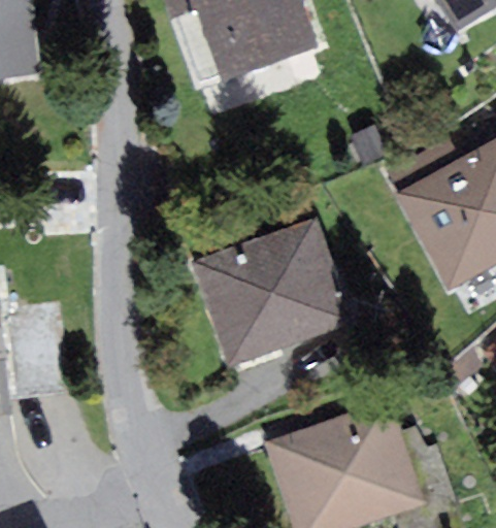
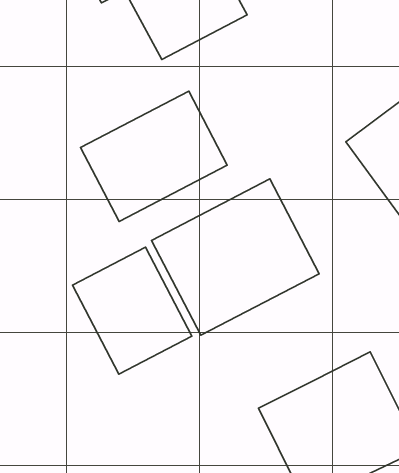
building: none -> [81,91,227,222]
building: none -> [72,247,192,374]

